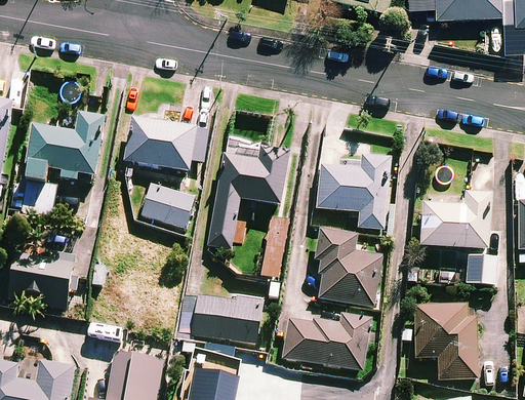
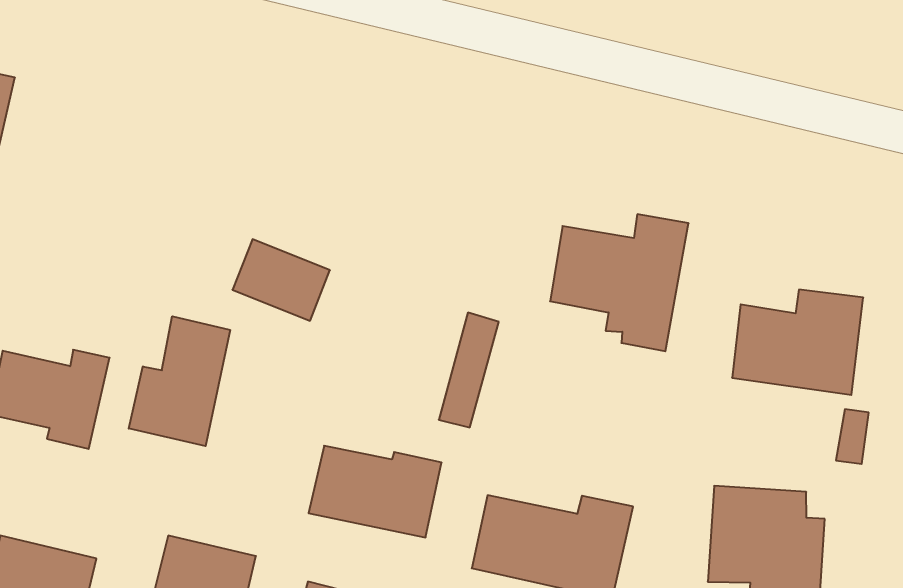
building: [23,114,103,182] -> none
building: [126,118,195,171] -> none
building: [208,147,288,248] -> none
building: none -> [129,316,230,446]
building: [314,230,380,307] -> none

